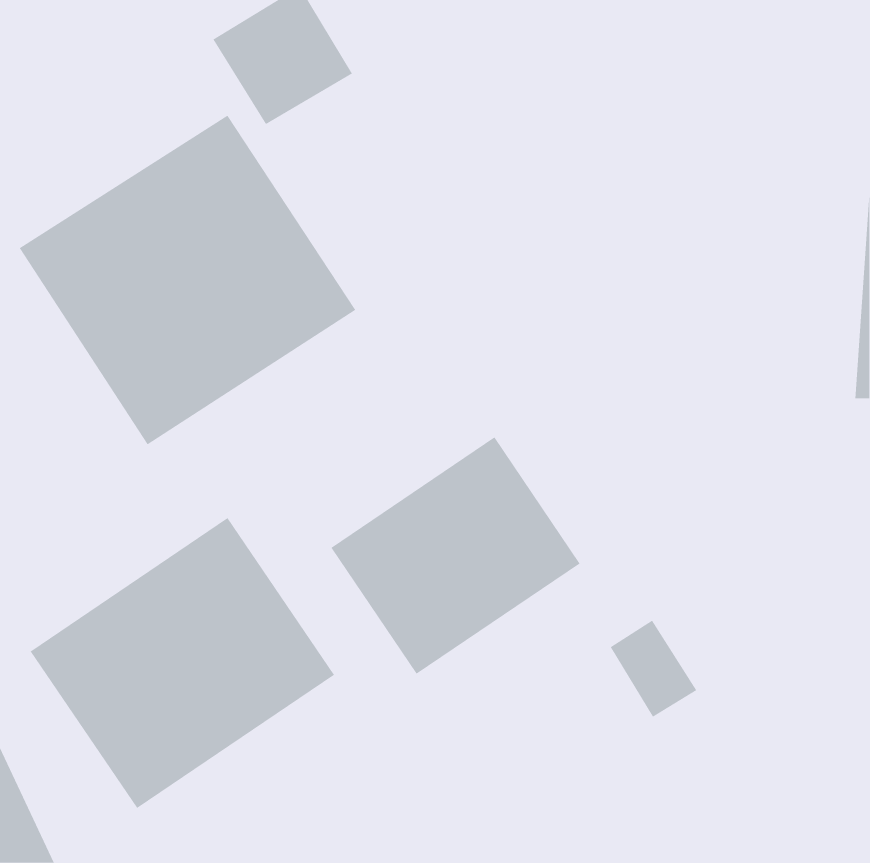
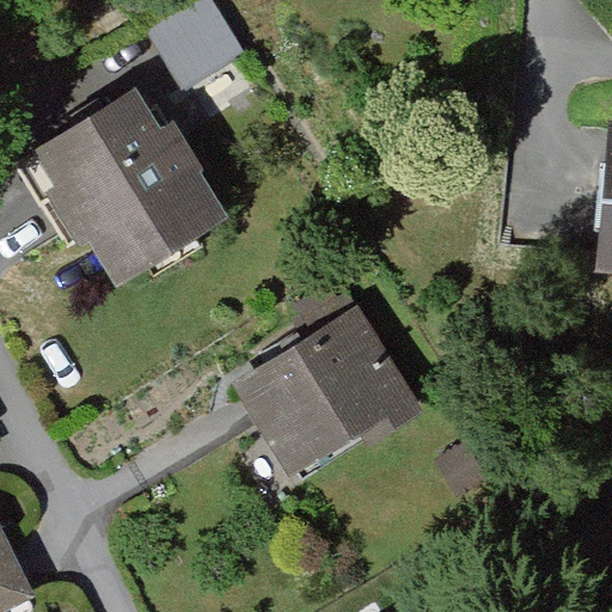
building: [30,517,335,809] -> none

